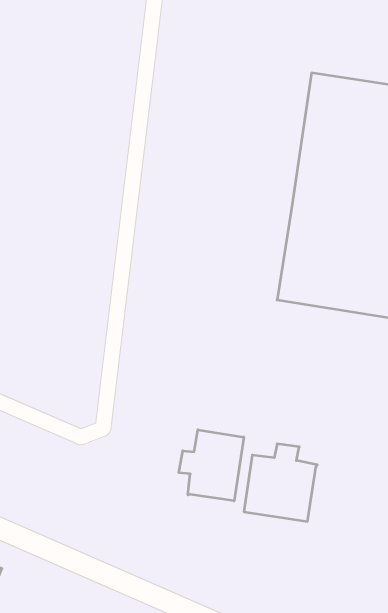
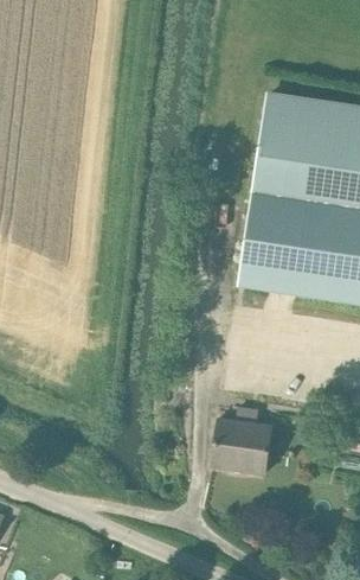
building: [179,430,244,501] -> none

